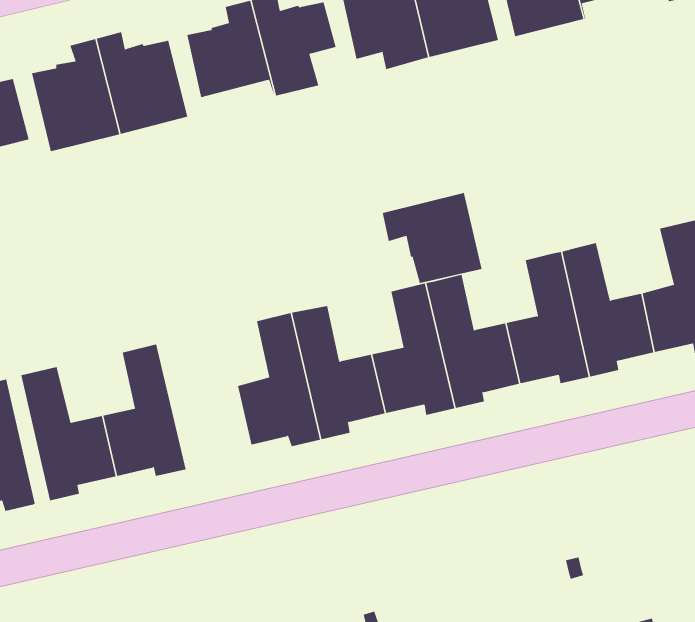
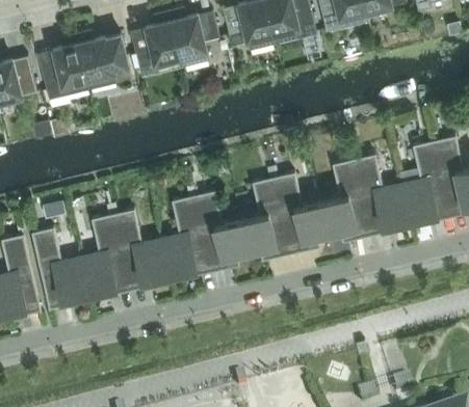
building: [382,192,482,284] -> none
building: none -> [112,209,168,289]

